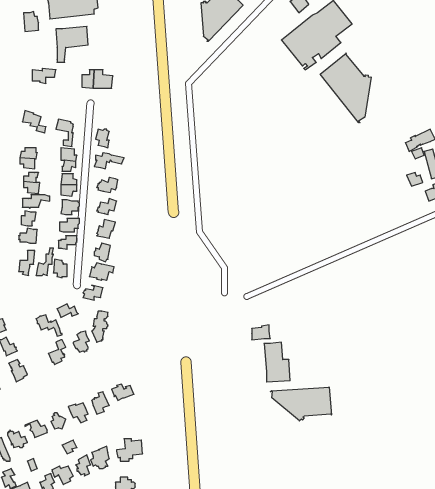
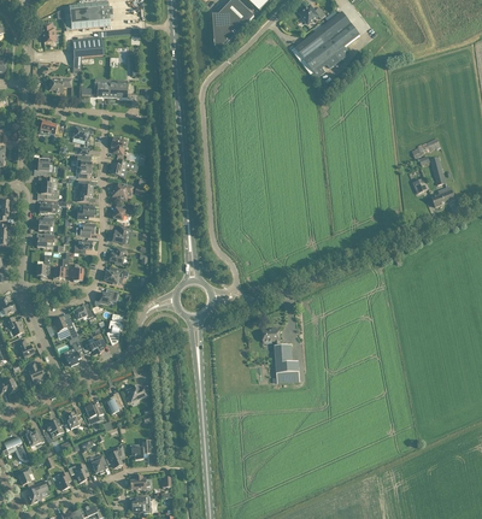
building: [320,53,371,123] -> none
building: [270,387,331,421] -> none

